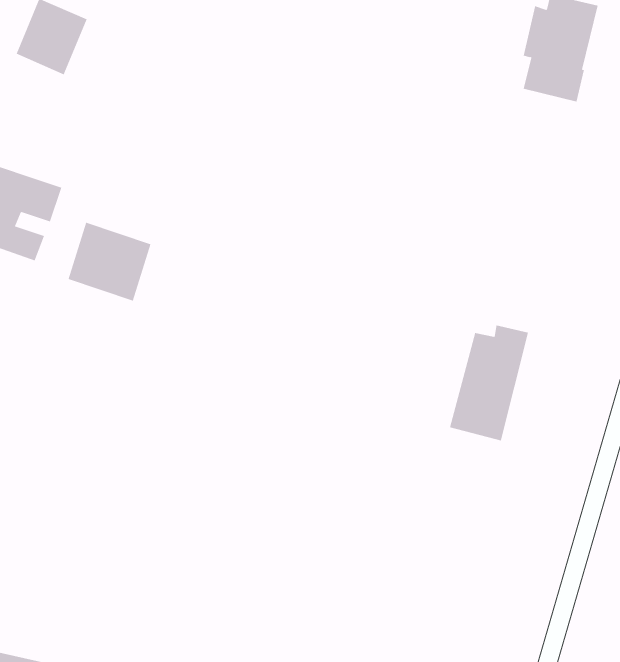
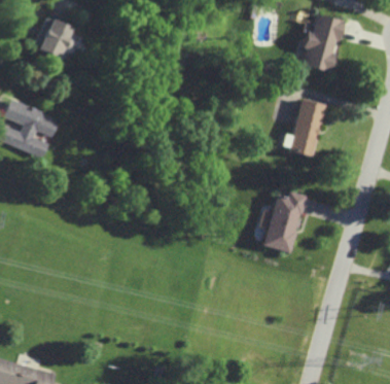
building: none -> [283,98,326,156]
building: [68,222,151,301] -> none

